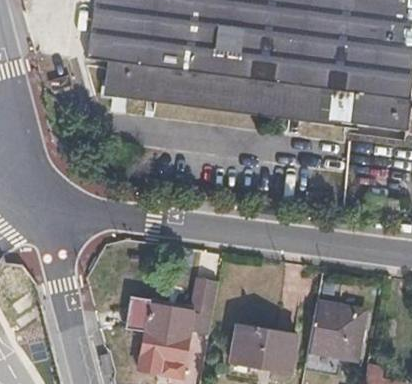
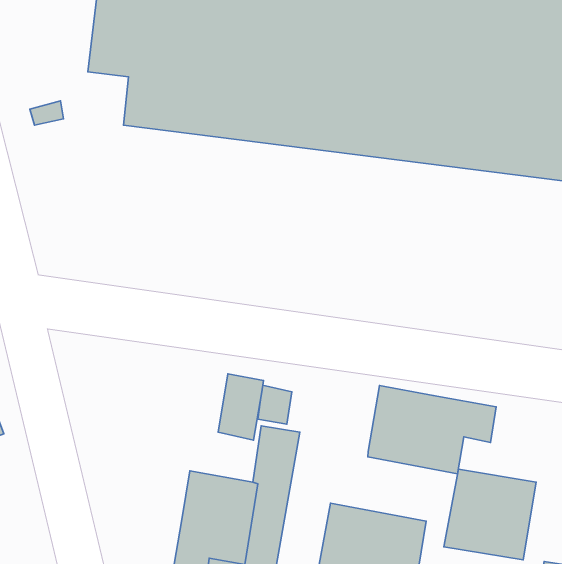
building: none -> [368,385,496,474]
building: [123,294,151,335] -> [218,374,263,440]

